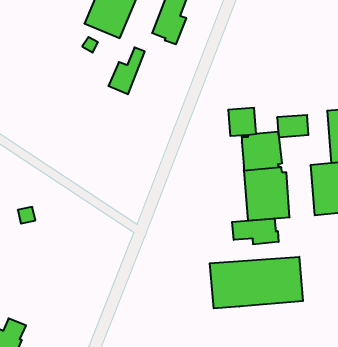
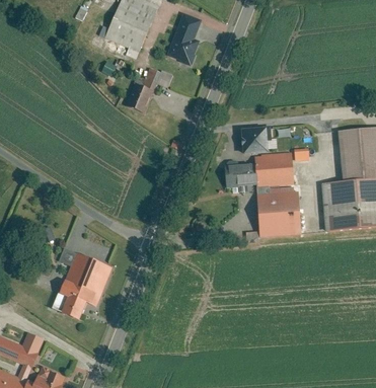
building: none -> [224,161,256,191]
building: [232,218,279,244] -> none
building: none -> [58,250,111,319]
building: [210,257,303,308] -> none

